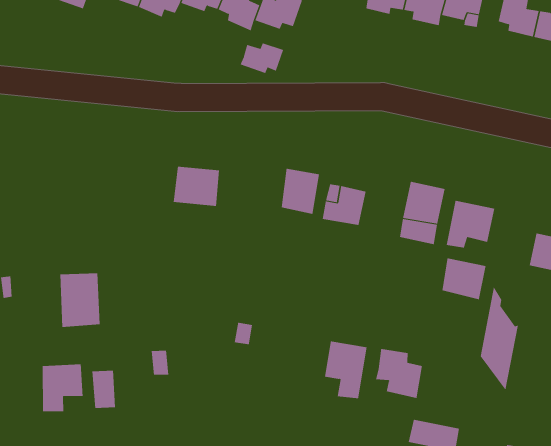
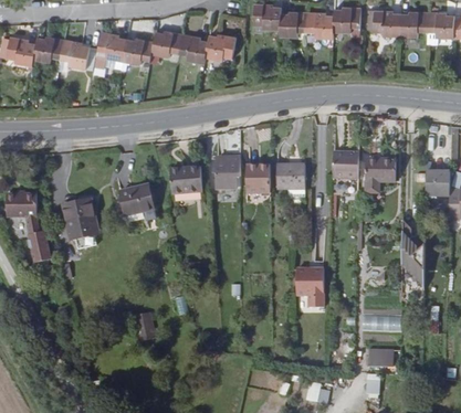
building: [240,42,284,74] -> none
building: none -> [214,159,240,189]
building: none -> [119,184,153,215]
building: [442,257,486,300] -> none
building: [59,273,101,328] -> [62,197,96,239]
building: [376,348,422,399] -> none
building: [42,364,83,412] -> none

